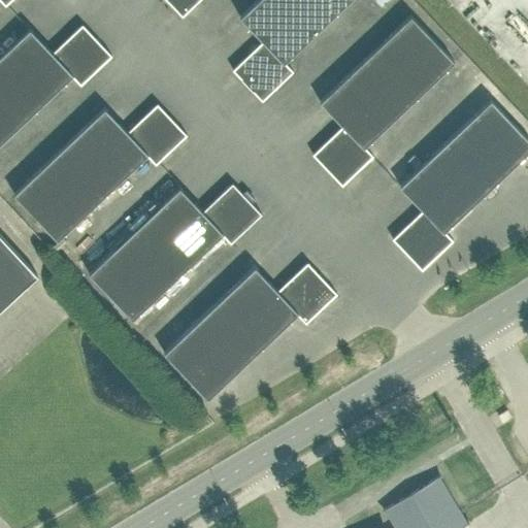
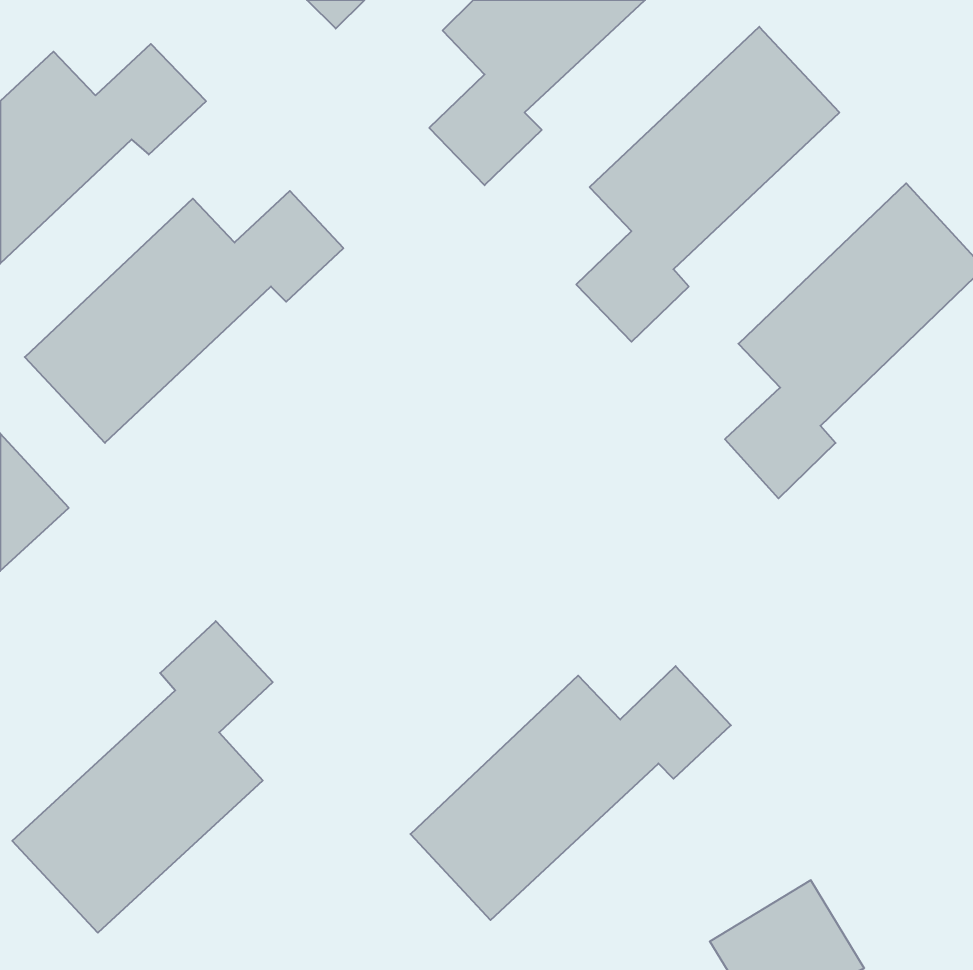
building: [89,185,262,322] -> none
building: [164,264,337,401] -> [410,666,731,920]
building: none -> [12,621,273,933]

